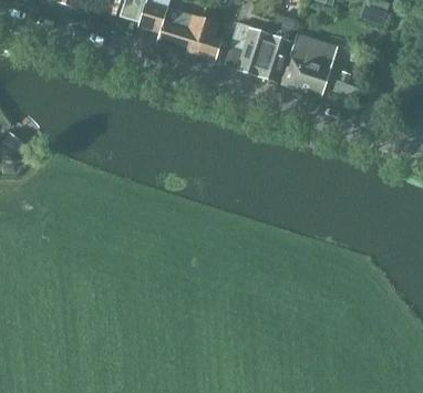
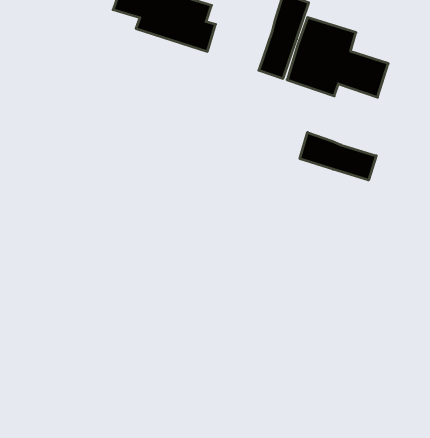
building: [223,22,268,75] -> none
building: none -> [300,132,376,180]

